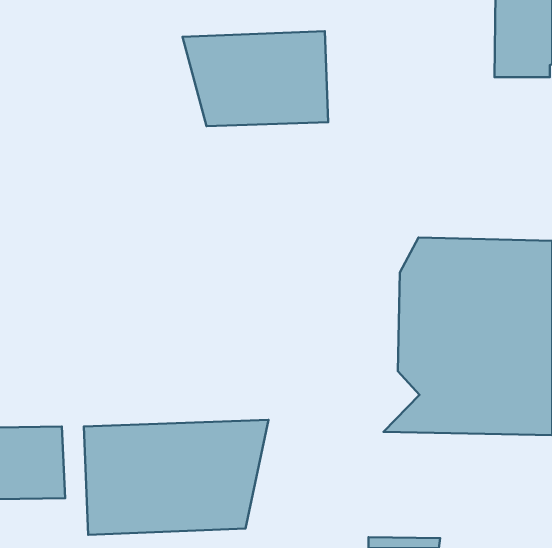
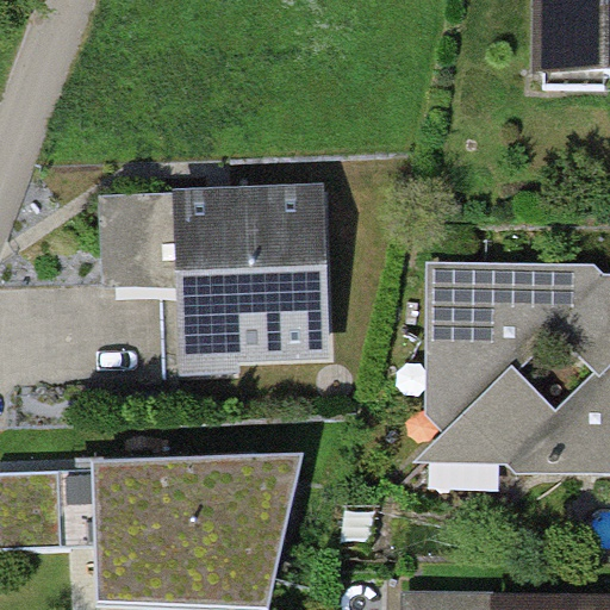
building: [182,31,328,126] -> none
building: none -> [108,197,323,349]

